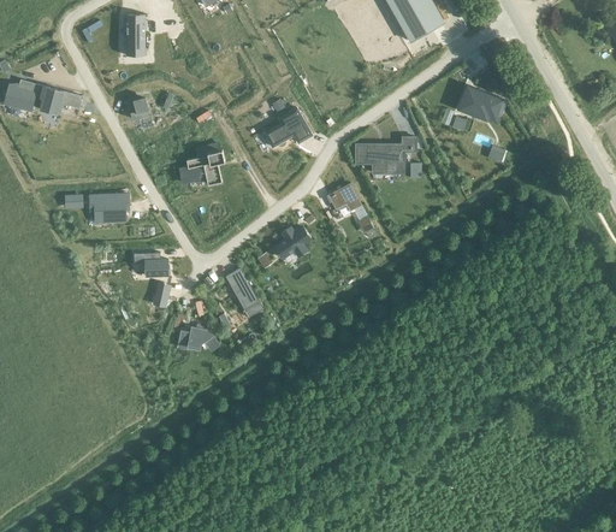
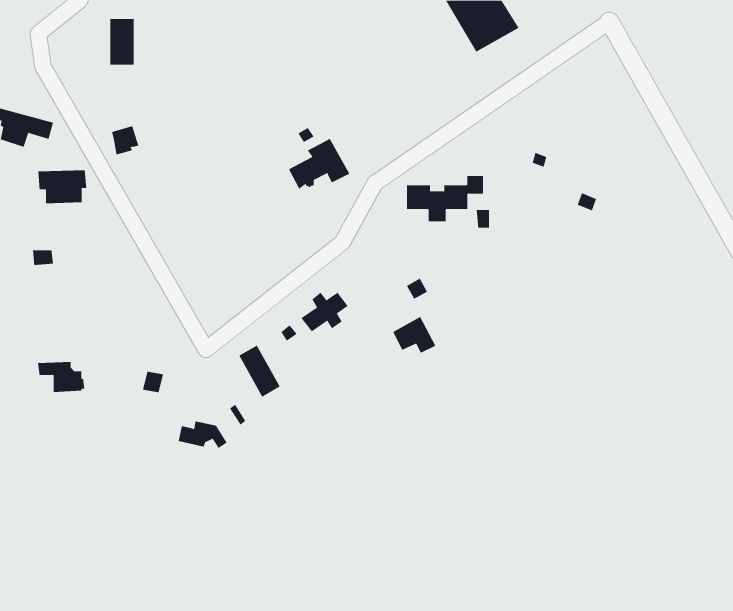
building: [460,91,502,118] -> none
building: [179,144,224,185] -> none
building: [327,183,361,212] -> [393,316,436,354]
building: [89,195,128,221] -> [37,170,87,204]
building: [132,253,170,277] -> [37,361,85,392]

